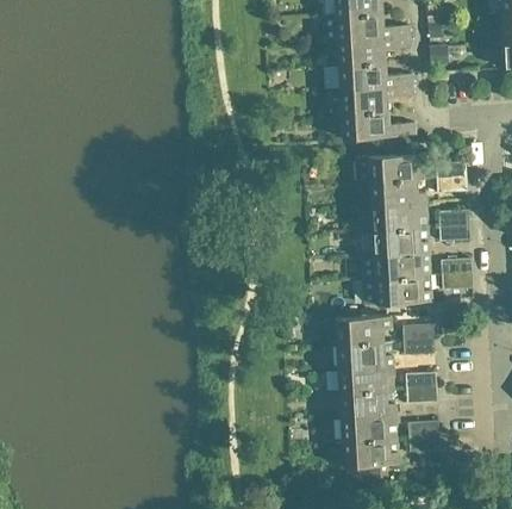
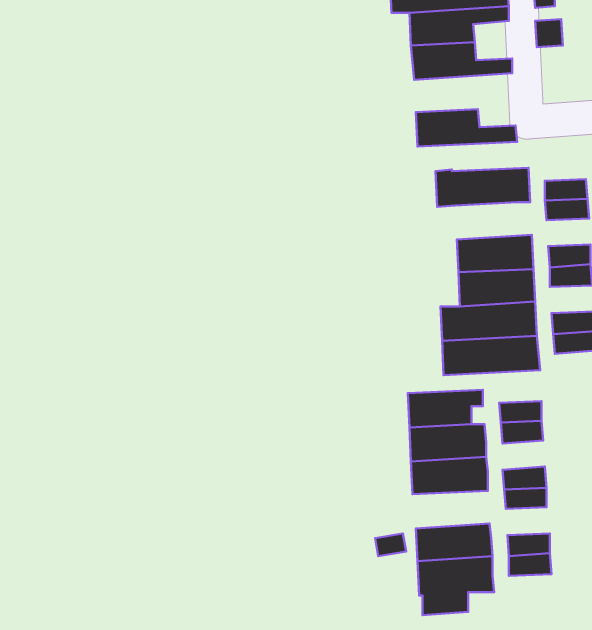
building: [341,85,413,113] -> none
building: [370,179,426,206] -> none
building: [339,390,395,417] -> none

